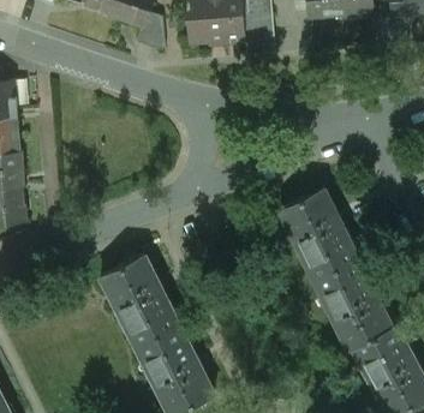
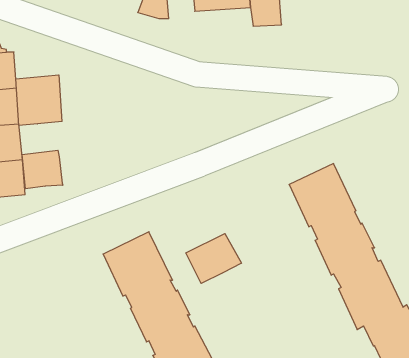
building: none -> [16,75,62,125]
building: none -> [22,150,63,189]
building: none -> [186,234,241,283]

